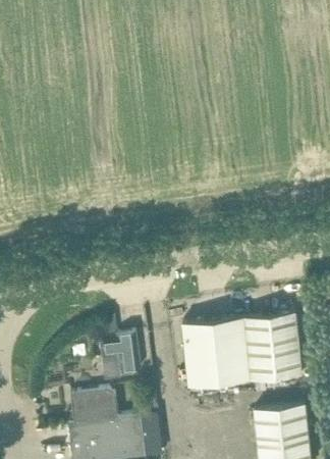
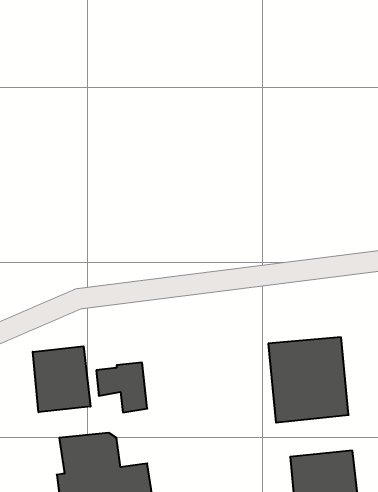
building: [182,319,243,389] -> none
building: none -> [33,346,90,412]

